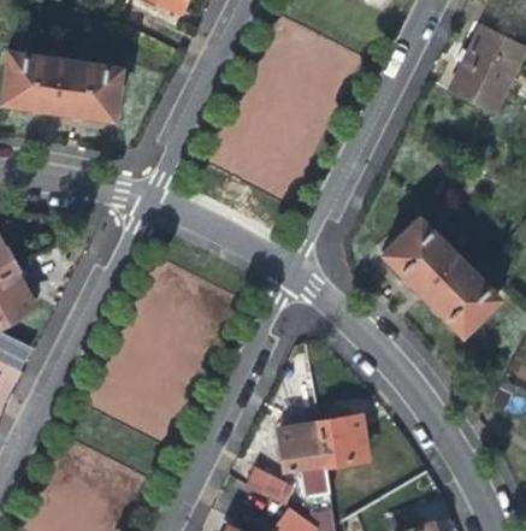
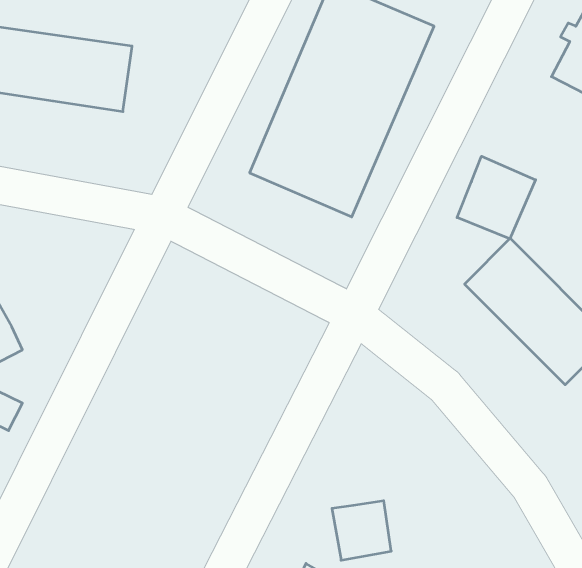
building: none -> [457,156,536,239]
building: [319,401,366,465] -> none

